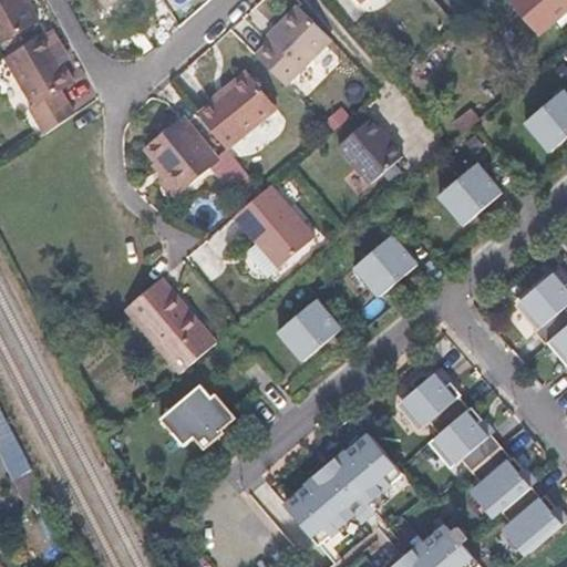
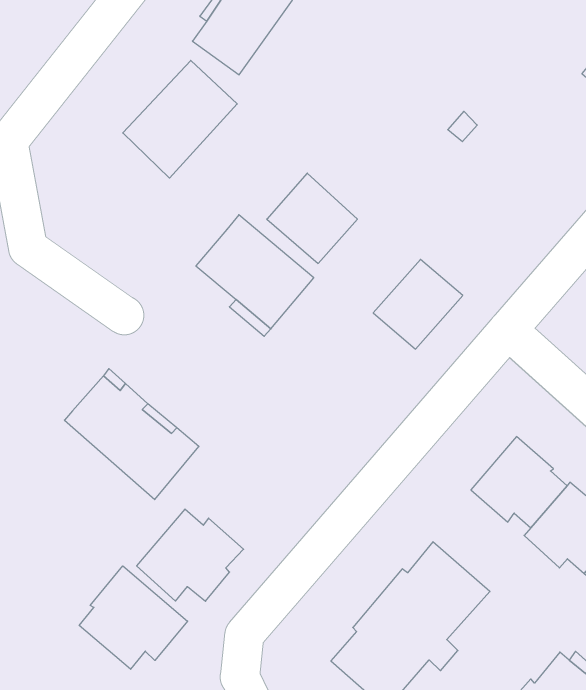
building: [143,116,216,194] -> none
building: [337,117,400,182] -> [267,173,357,263]
building: [437,163,501,225] -> none
building: [278,298,341,361] -> none
building: none -> [79,566,188,669]

